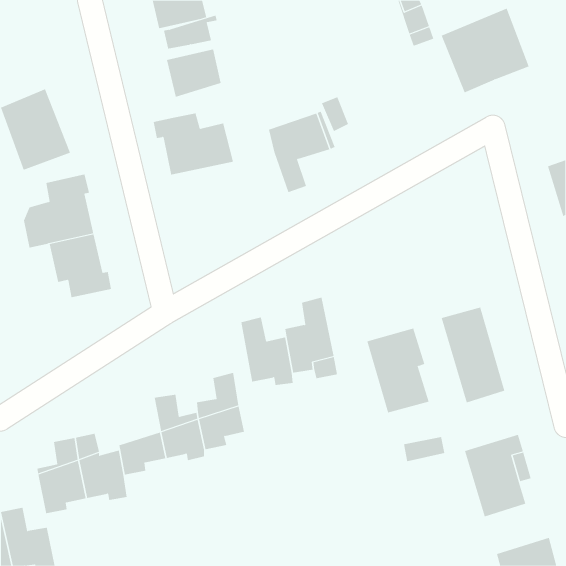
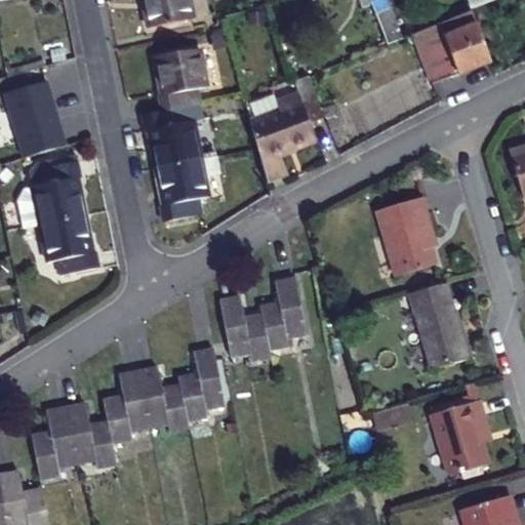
building: [163,15,217,49] -> [156,77,206,109]
building: none -> [158,150,221,219]
building: [366,328,429,413] -> [376,198,435,277]
building: none -> [108,368,149,412]

